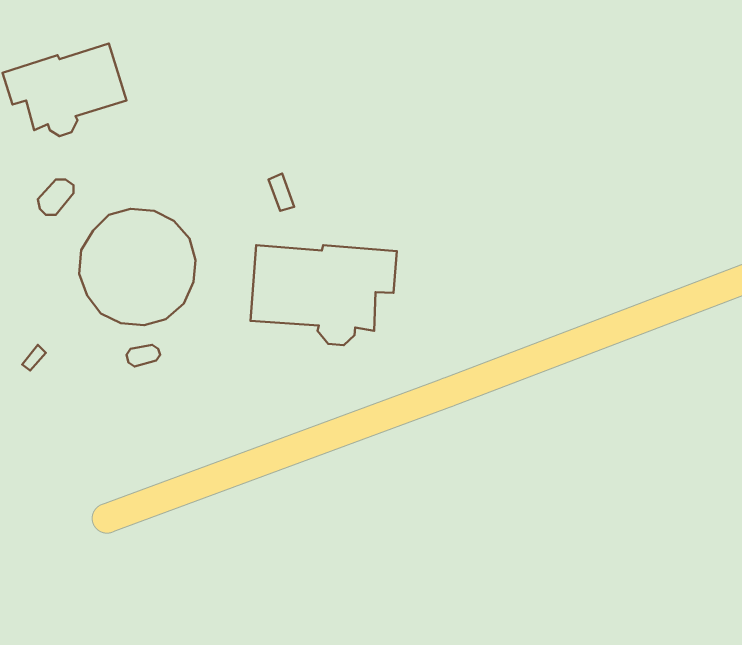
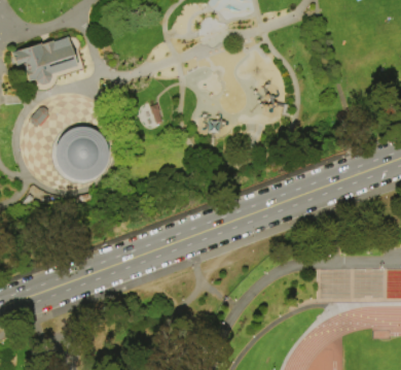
building: [250,245,397,345] -> none

